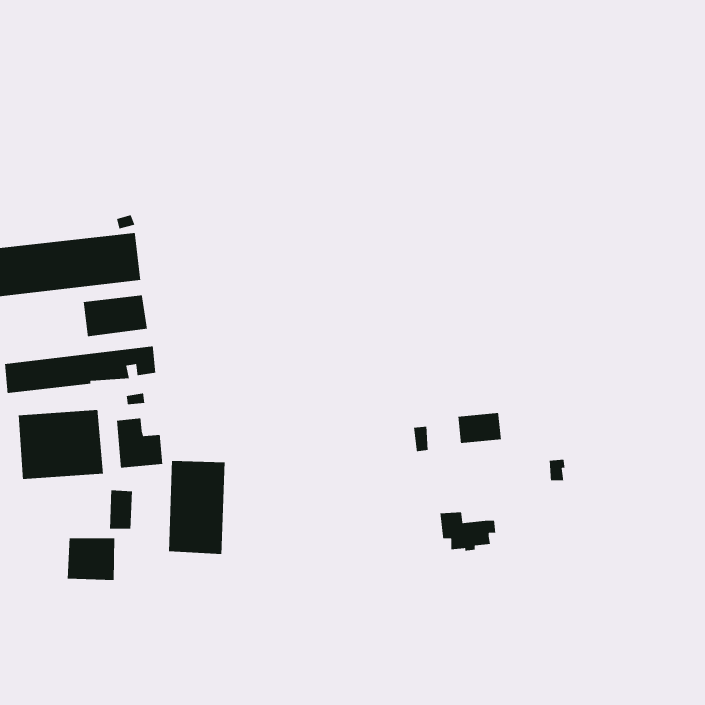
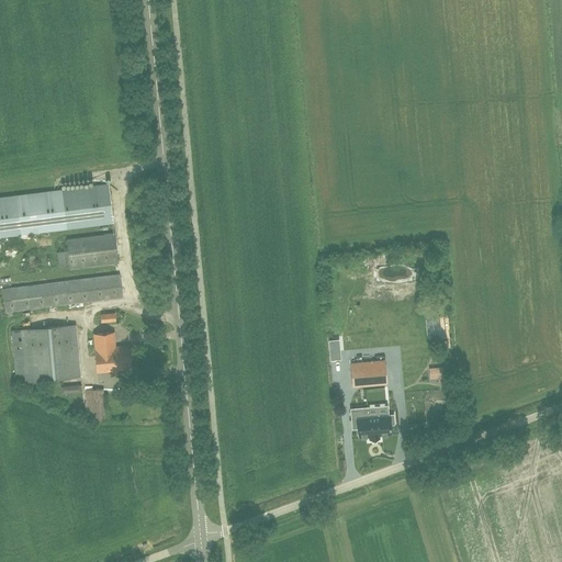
building: [458,412,502,444] -> [350,360,385,385]
building: [168,460,225,555] -> none
building: [67,537,115,581] -> none

